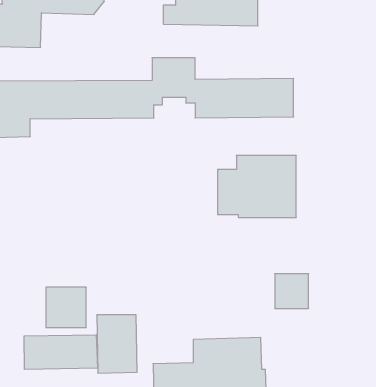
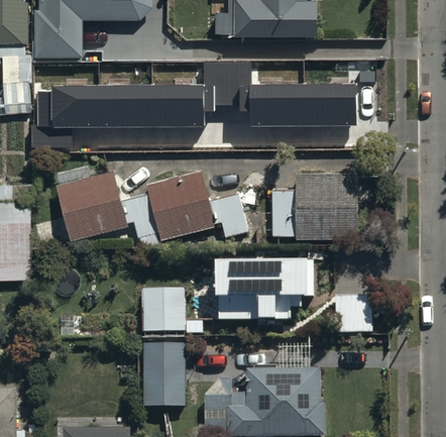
building: none -> [55,167,248,250]
building: none -> [214,261,312,322]
building: [46,287,86,328] -> [141,288,185,331]
building: [24,335,98,369] -> none

